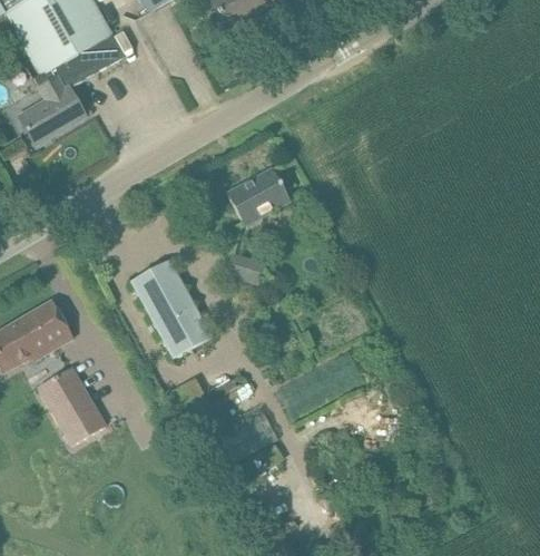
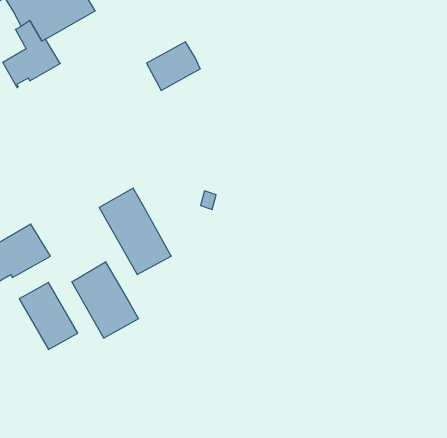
building: [227,167,288,223] -> [147,42,200,90]
building: none -> [72,262,139,338]

